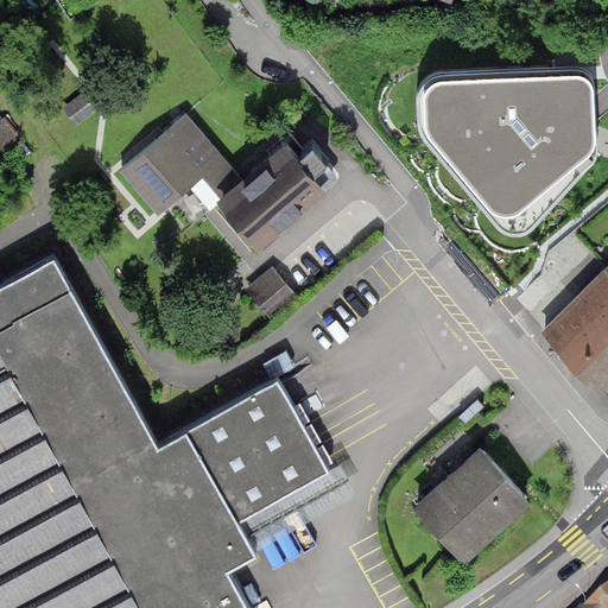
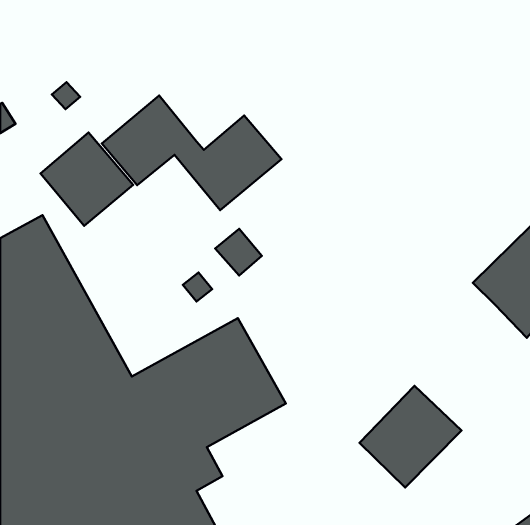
building: [423,76,600,239] -> none
building: none -> [40,133,133,226]

